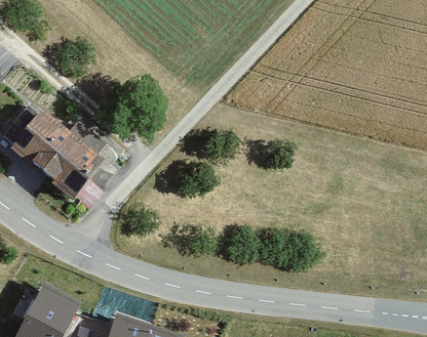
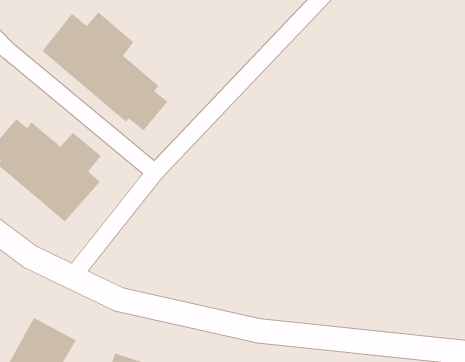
building: none -> [42,11,168,131]

